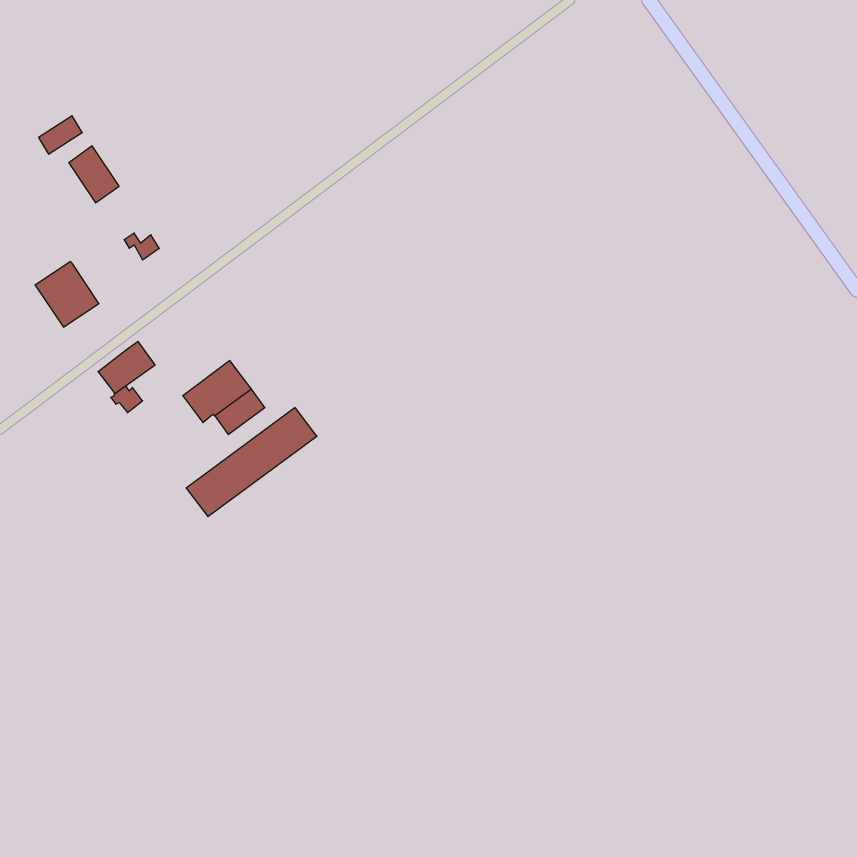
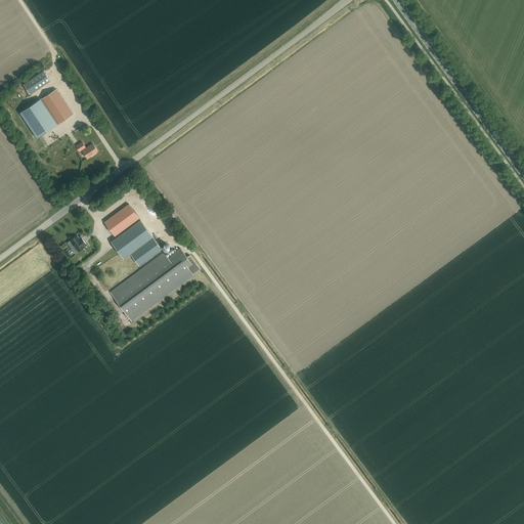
building: [35,262,99,327] -> [19,98,58,138]
building: [98,341,155,393] -> [104,204,139,235]

